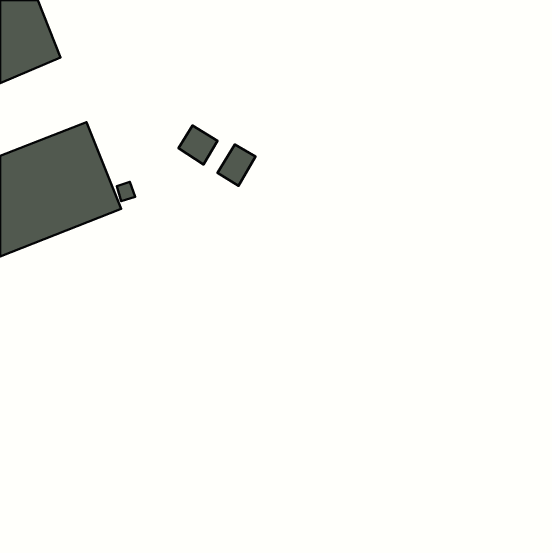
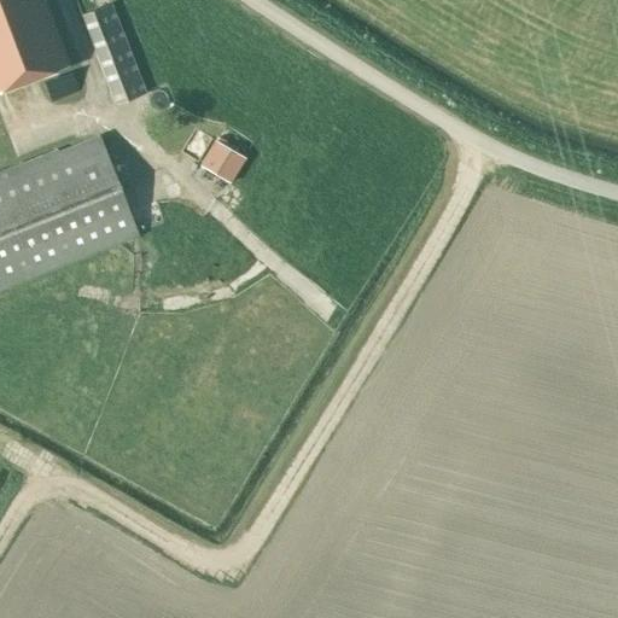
building: none -> [82,5,144,103]
building: [218,144,255,186] -> none

